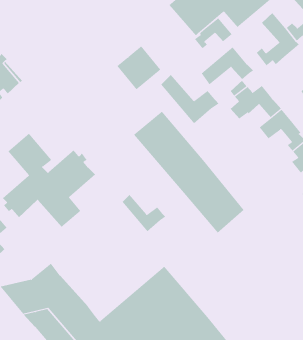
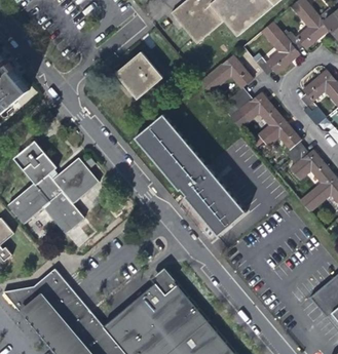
building: [194,17,232,49] -> none
building: [161,74,220,124] -> none
building: [122,194,166,232] -> none

